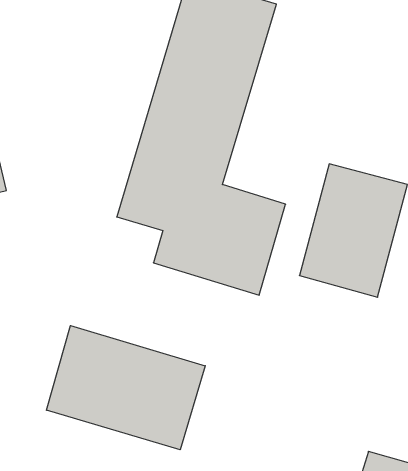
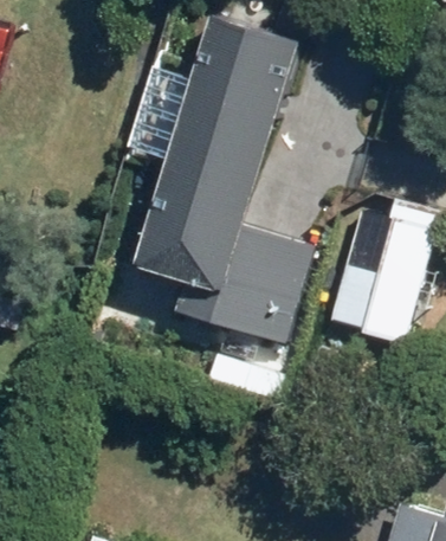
building: [46,326,205,450] -> none

